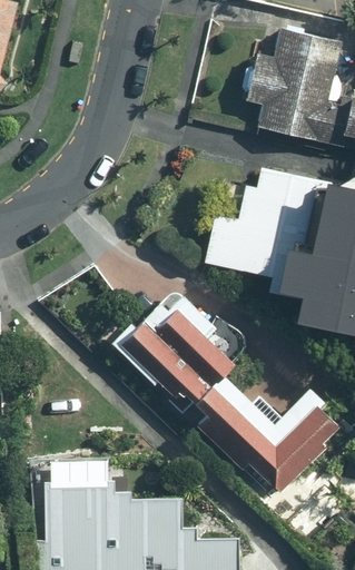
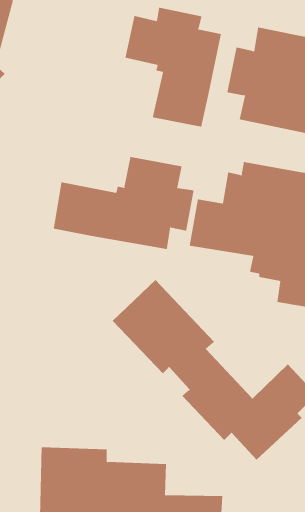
building: none -> [125,7,222,127]
building: none -> [53,156,194,250]

